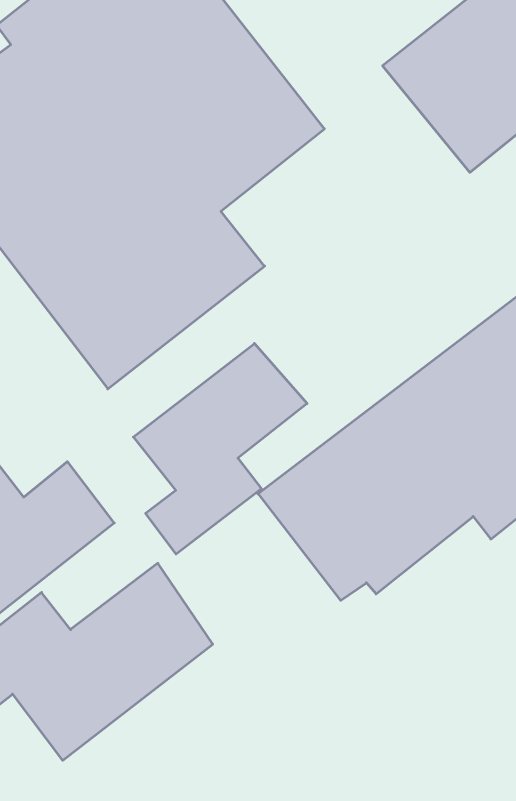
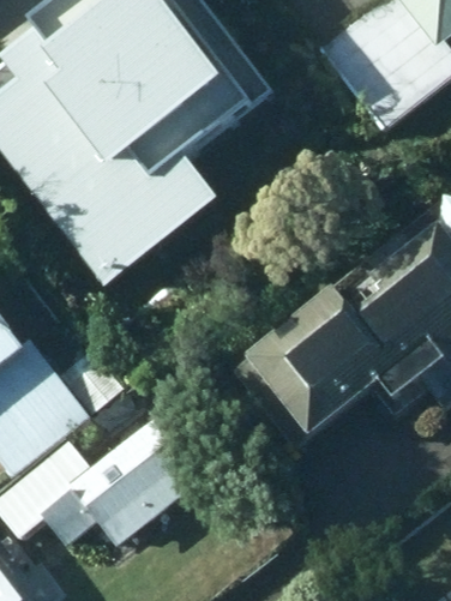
building: [133,343,307,554] -> none

